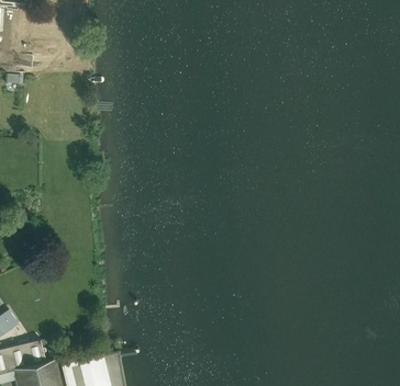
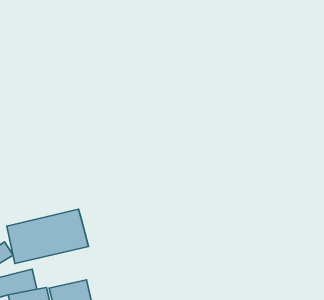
building: none -> [7,209,88,263]

